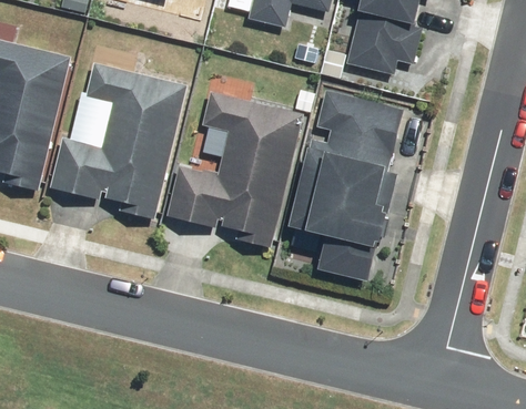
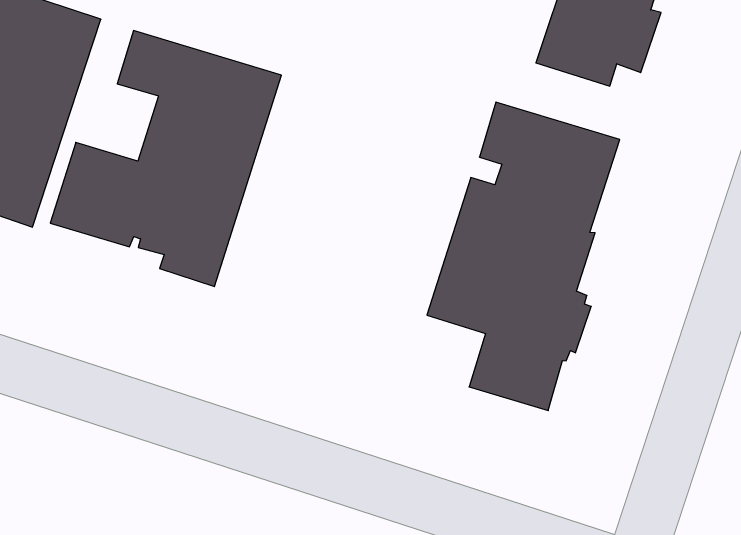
building: [166,91,302,247] -> none

